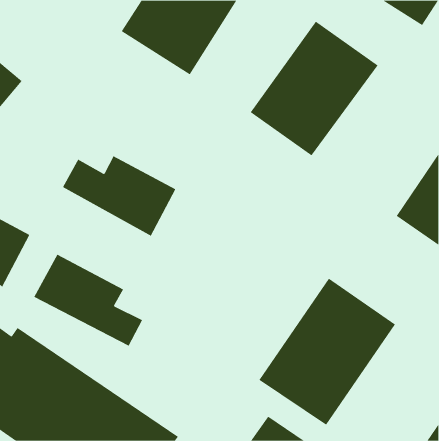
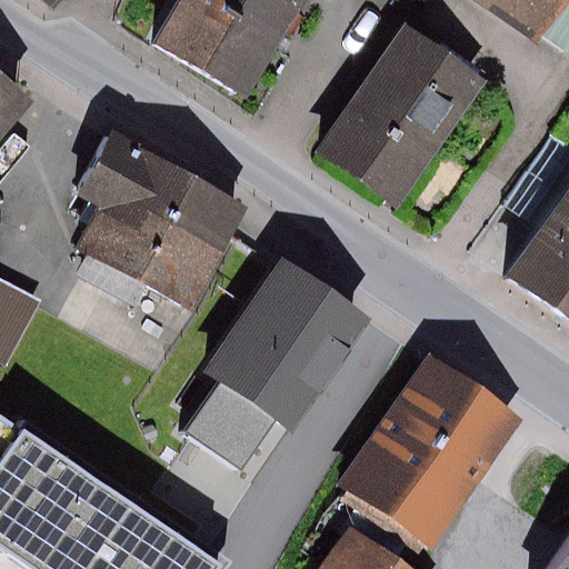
building: none -> [79,131,244,243]
building: none -> [181,260,369,472]
building: [34,254,143,347] -> none

